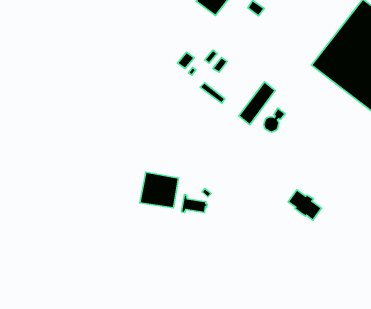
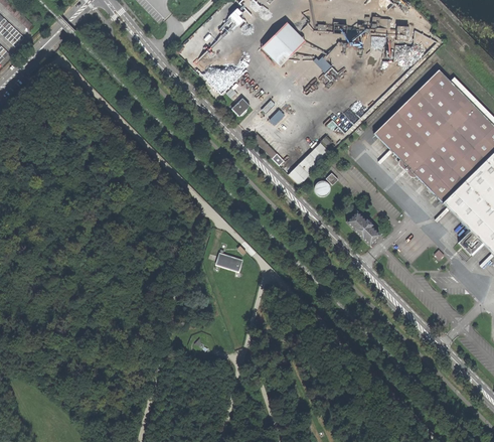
building: [140,172,179,208] -> none
building: [288,190,322,220] -> [345,209,379,244]

